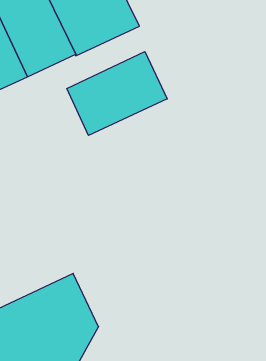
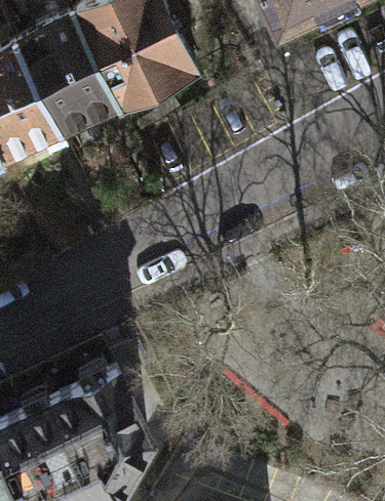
building: [67,52,167,135] -> none

